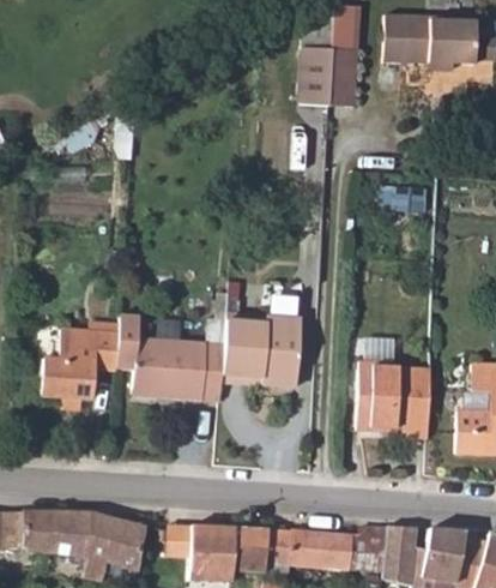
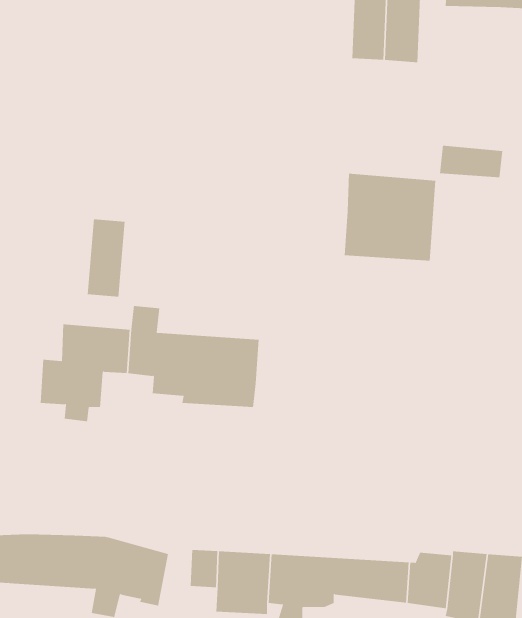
building: none -> [87,218,125,297]
building: [223,312,301,386] -> [344,173,436,261]
building: [357,364,433,440] -> none

